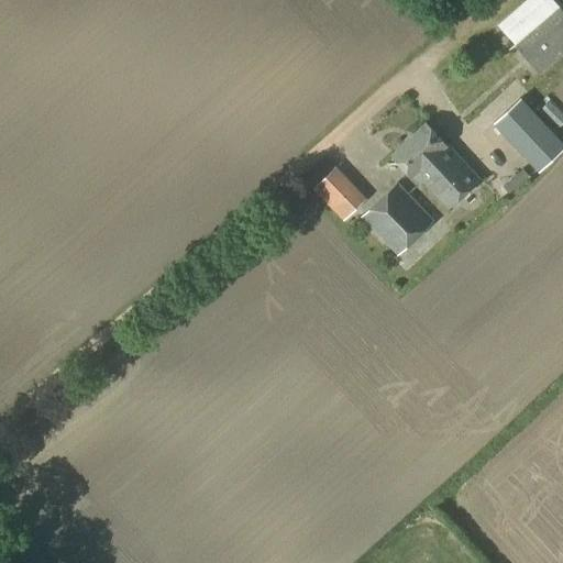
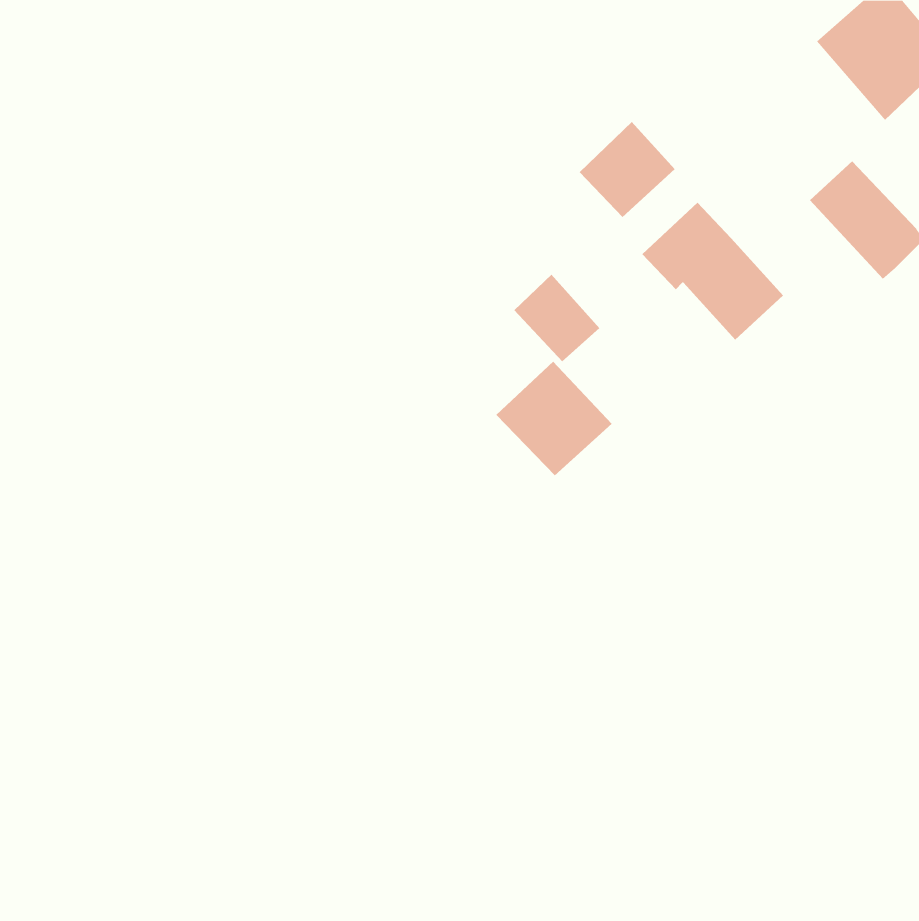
building: none -> [579,121,676,218]
building: [363,184,434,254] -> [495,361,612,476]

